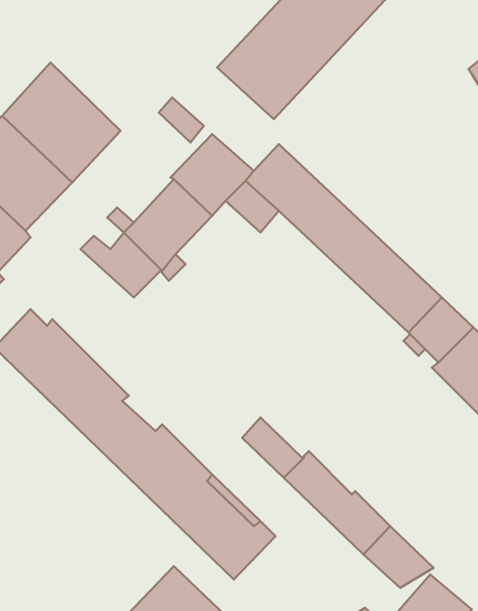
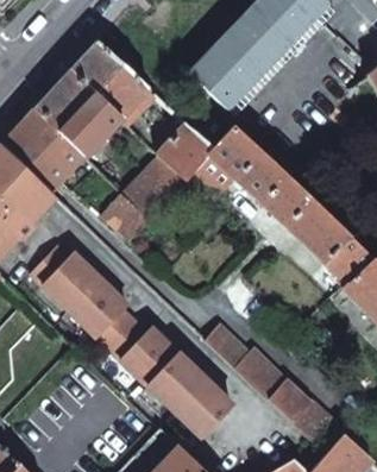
building: none -> [70,42,149,119]

